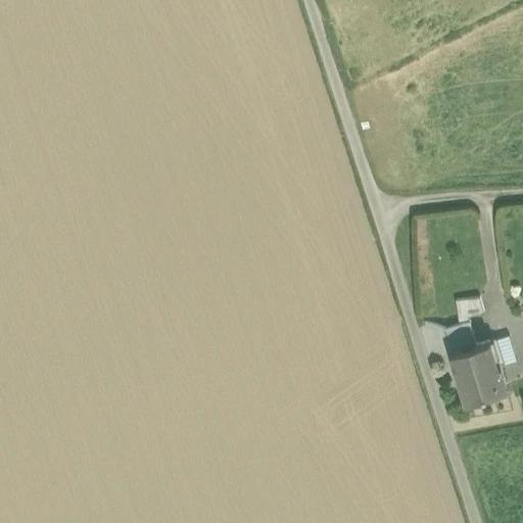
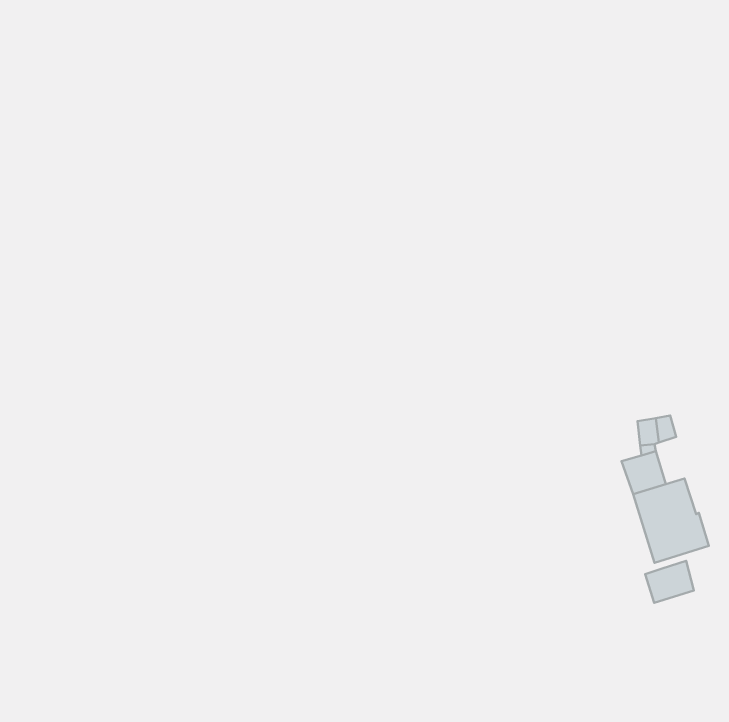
building: none -> [645,561,694,603]

